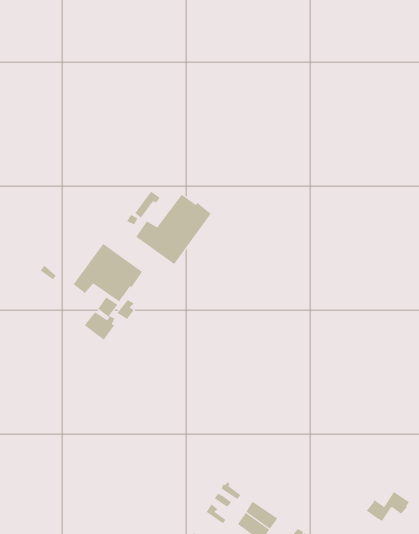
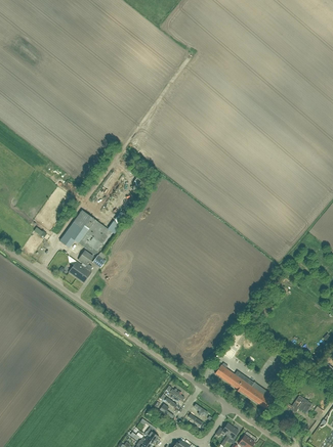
building: [135,194,211,265] -> none
building: none -> [214,364,272,408]

